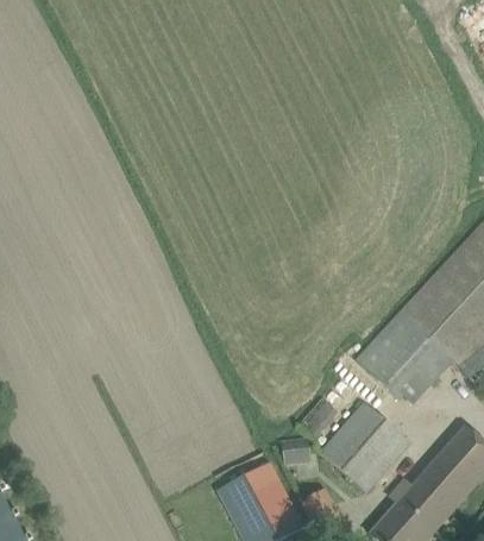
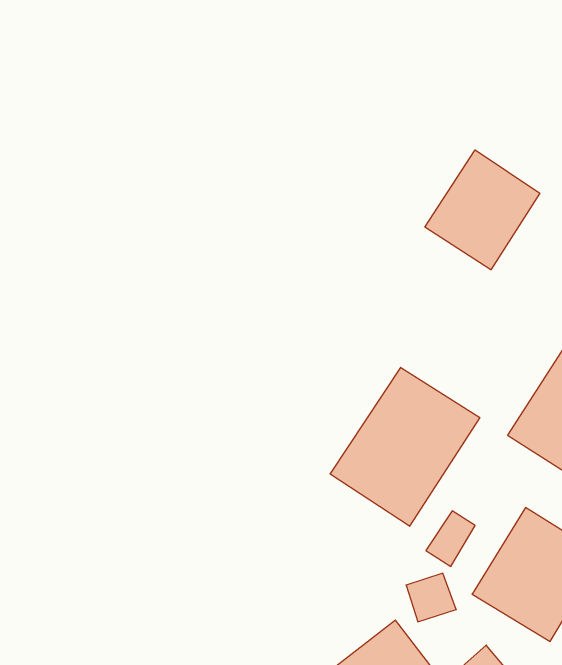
building: none -> [425,150,540,270]
building: none -> [330,367,480,526]

